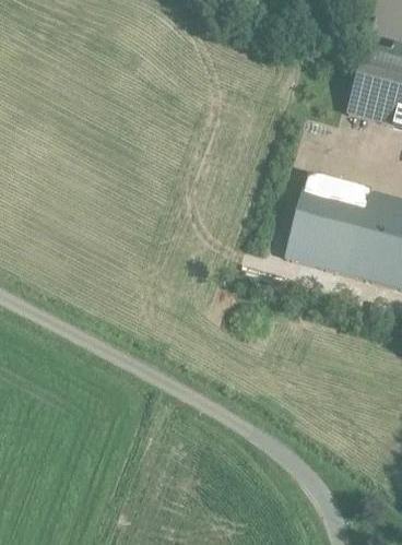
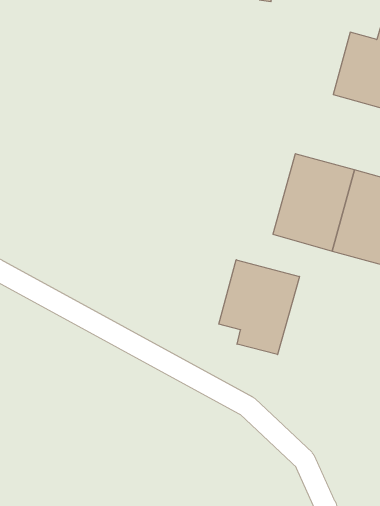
building: none -> [219,260,299,355]

